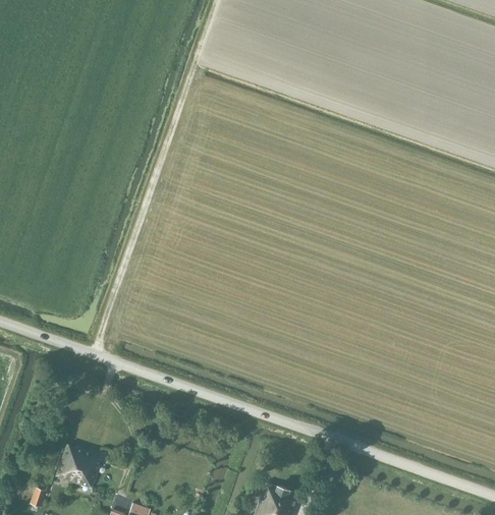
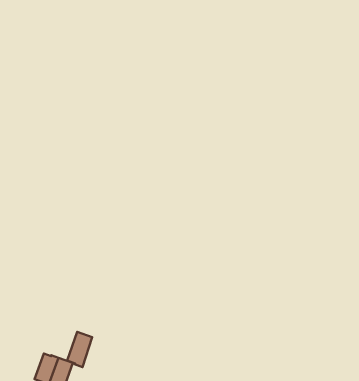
building: none -> [67,332,92,367]

